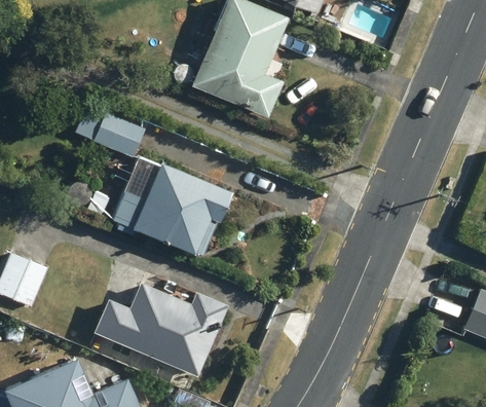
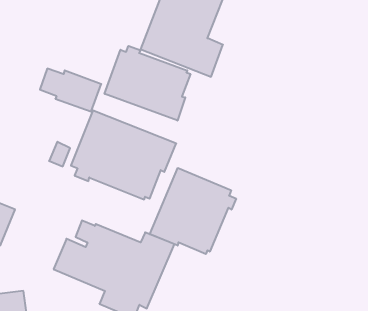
building: none -> [105,46,190,121]
building: none -> [150,168,236,254]

